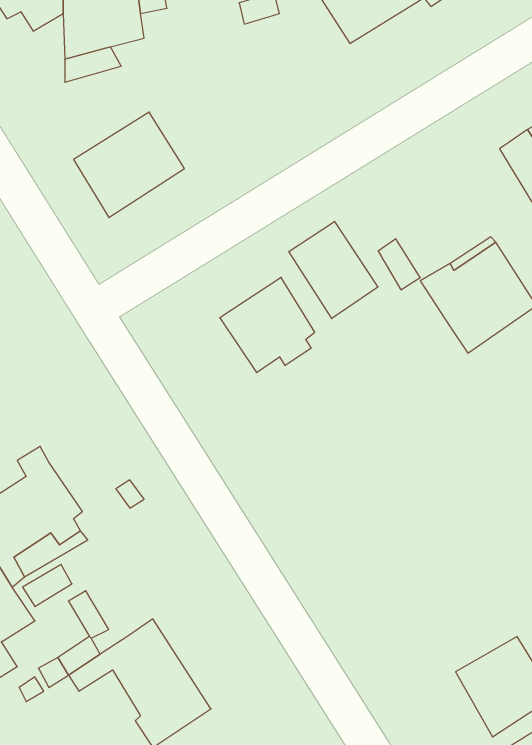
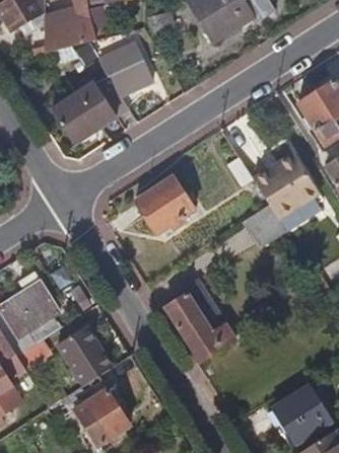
building: none -> [95,41,154,115]
building: [289,221,378,319] -> none
building: none -> [245,206,284,243]
building: none -> [164,278,235,359]
building: none -> [60,324,115,383]

